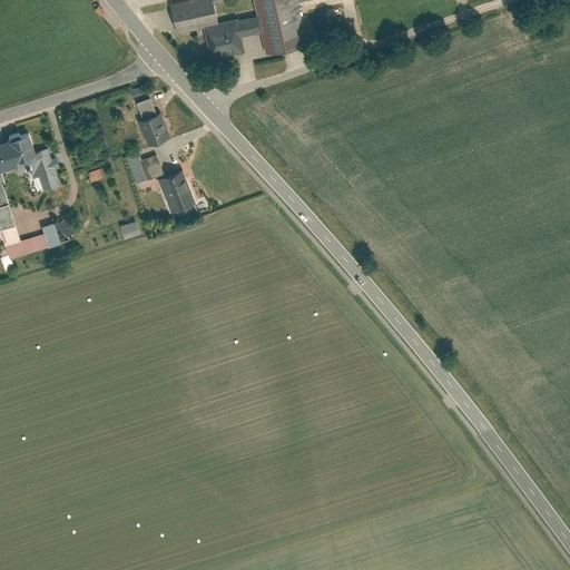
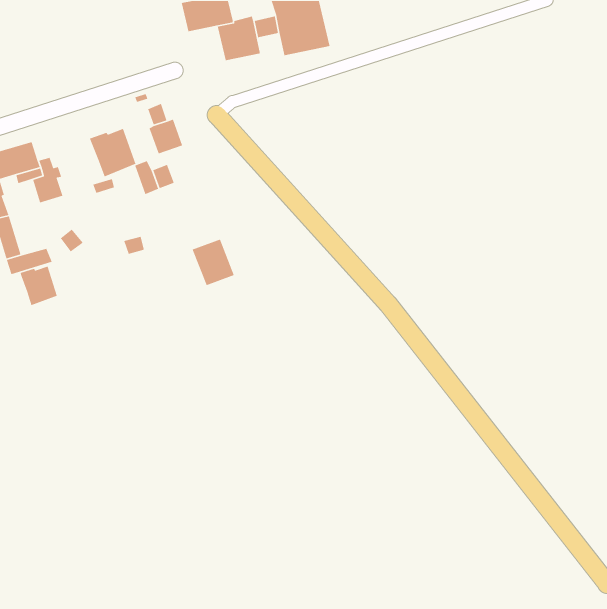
building: none -> [89,128,137,178]
building: [156,169,196,214] -> [192,238,235,286]
building: none -> [20,265,58,306]

